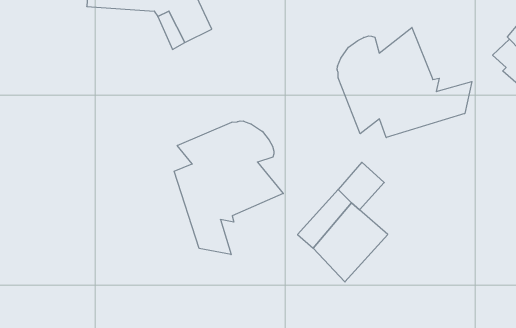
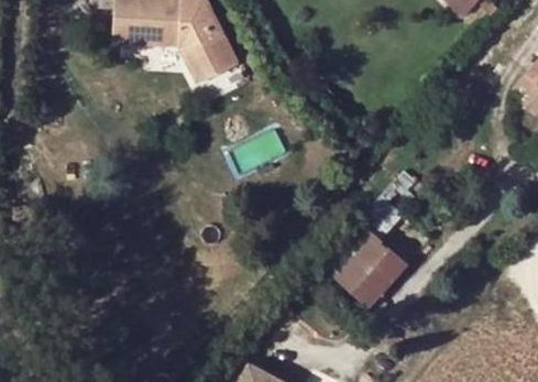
building: [337,27,472,138] -> none
building: [174,121,283,255] -> none

